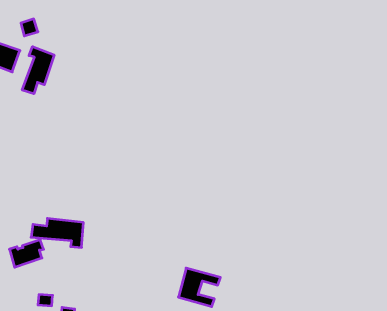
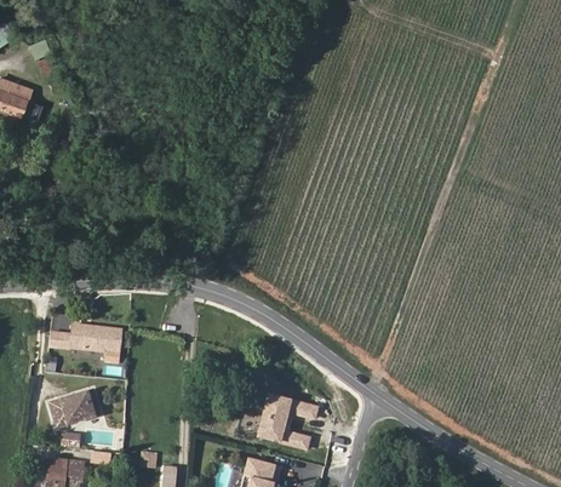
building: [22,47,54,94] -> none
building: [9,240,44,267] -> [51,388,99,426]

